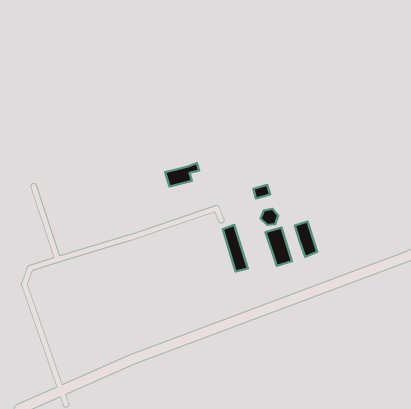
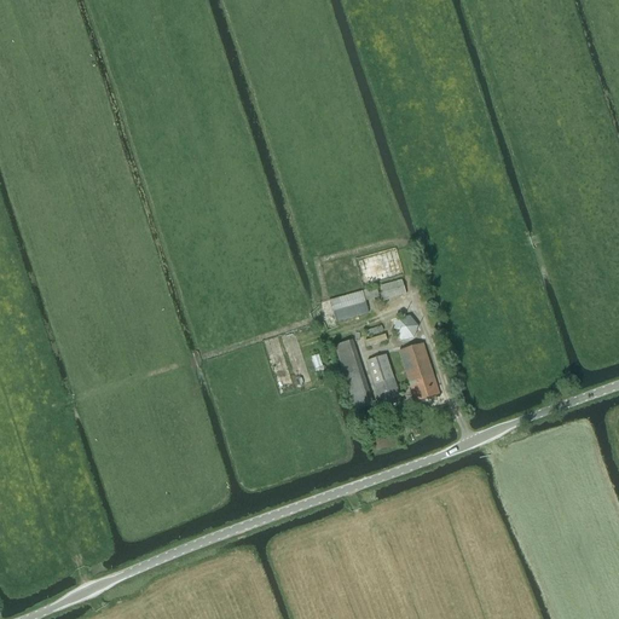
building: [165,163,199,187] -> [329,285,380,320]
building: [295,221,317,257] -> [366,353,400,406]

